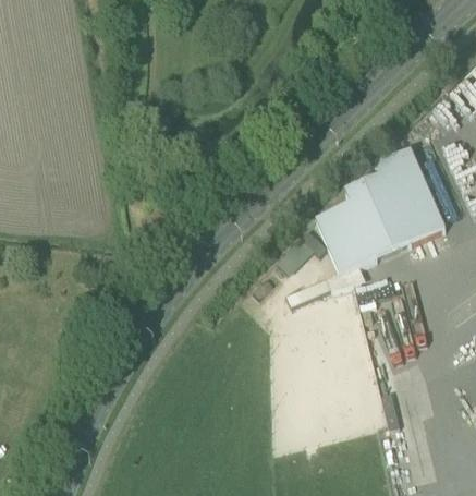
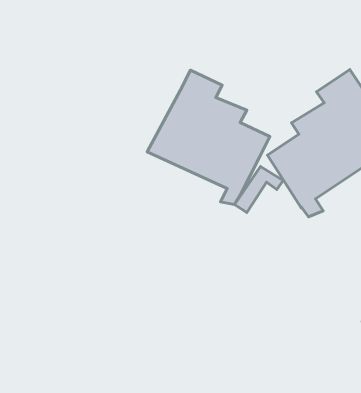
building: none -> [147,70,270,205]

